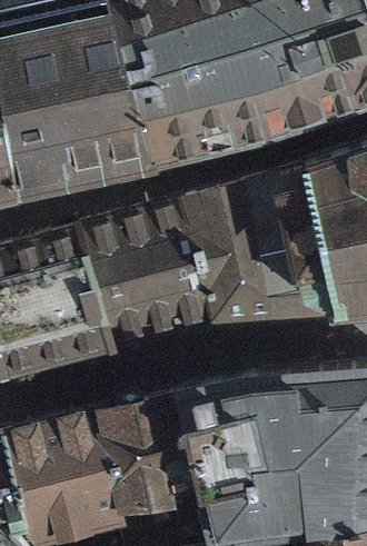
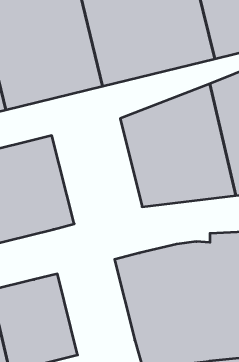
building: [89,205,214,349] -> none
building: [97,398,204,529] -> none

